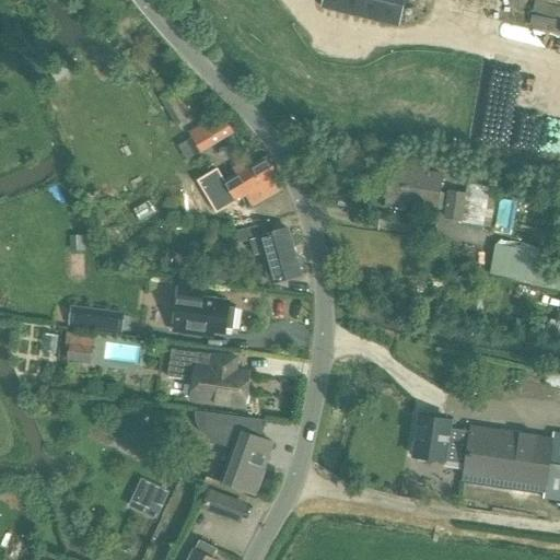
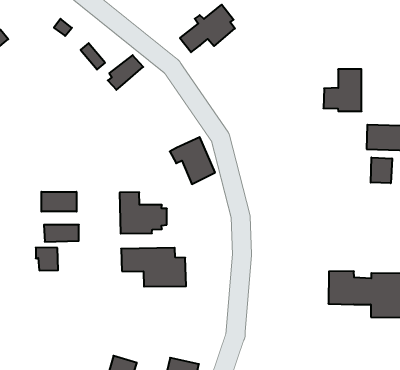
building: [211,155,280,208] -> [180,5,235,52]
building: [386,166,441,209] -> none
building: none -> [41,192,77,212]
building: none -> [371,157,392,183]
building: [196,411,272,493] -> none

